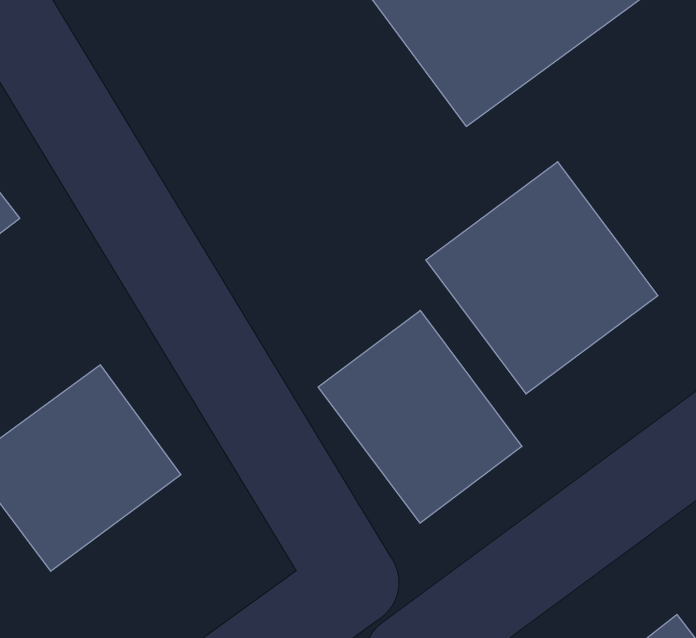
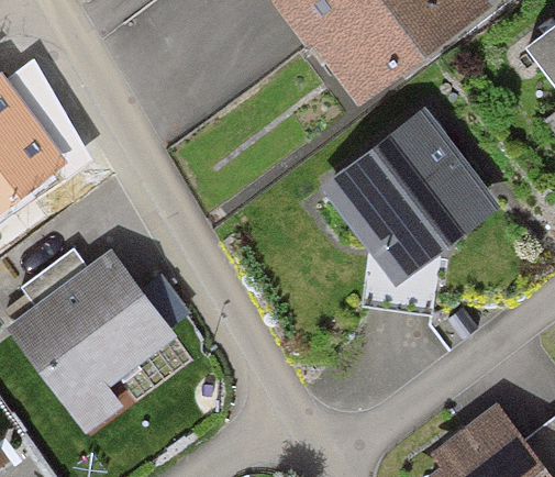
building: [318,310,522,523] -> none

